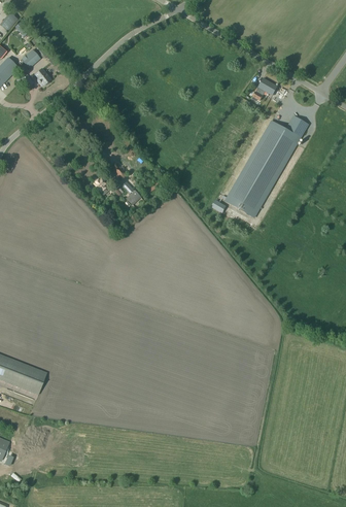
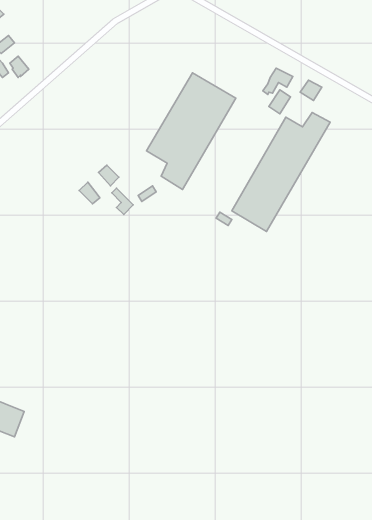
building: none -> [146,73,236,190]

